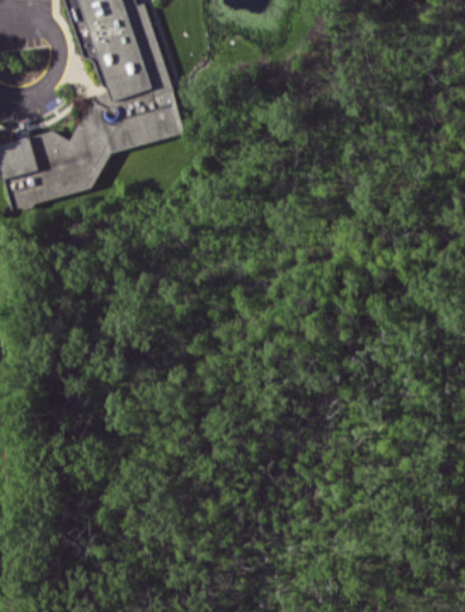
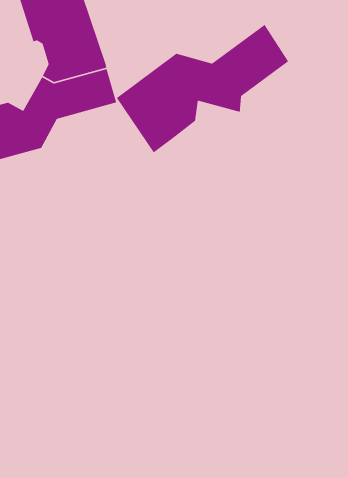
building: none -> [116,24,289,154]

